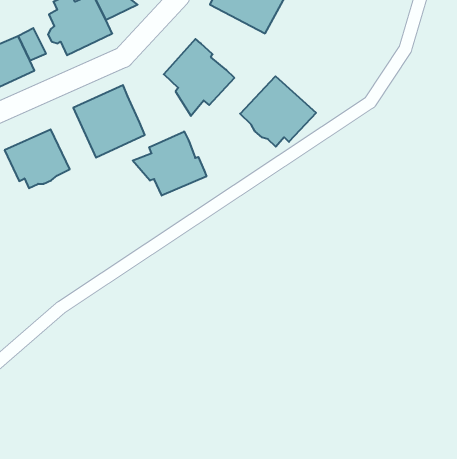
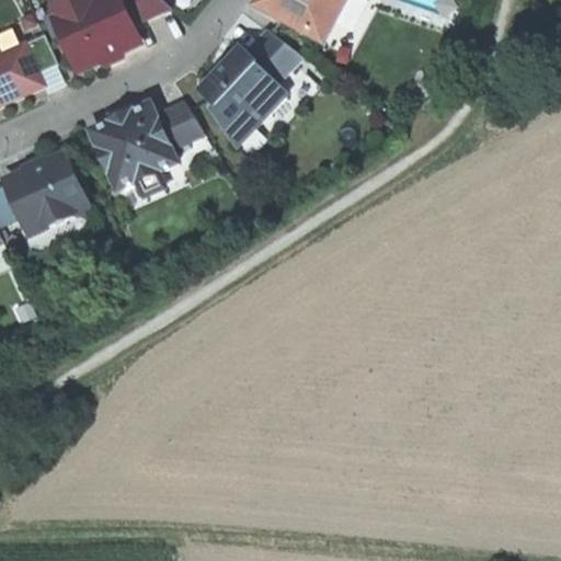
building: none -> [243,30,300,84]
building: [240,76,316,147] -> none
building: none -> [154,103,203,148]
building: [133,131,206,196] -> none

